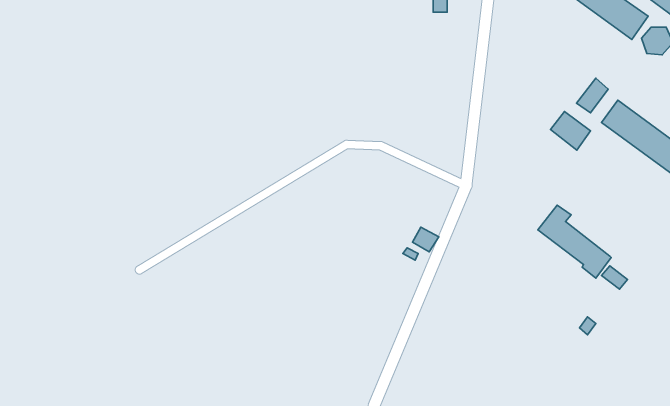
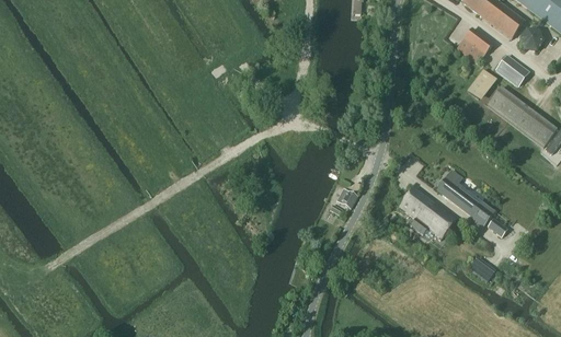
building: none -> [457,27,493,62]
building: [551,112,591,150] -> [496,55,528,85]
building: none -> [401,186,456,240]

